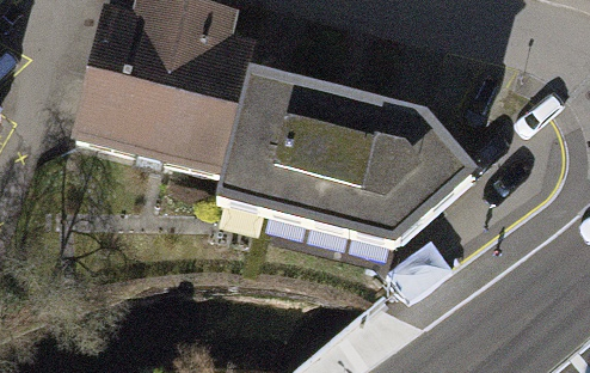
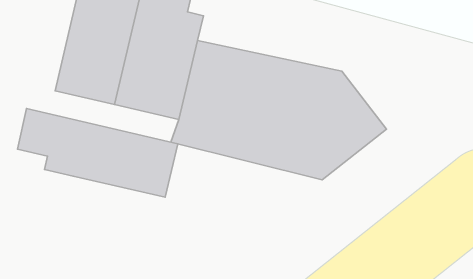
building: none -> [18,109,178,197]

